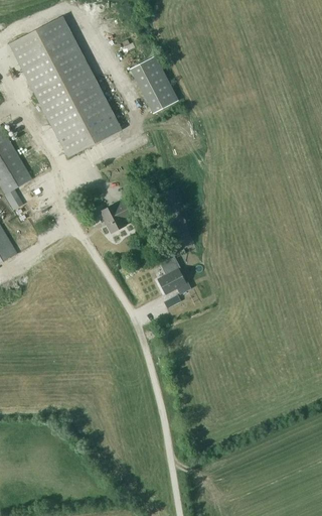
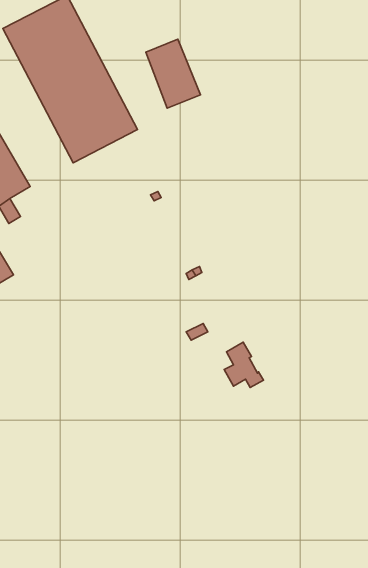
building: [101,203,132,233] -> none
building: [158,256,191,294] -> [224,342,263,387]

